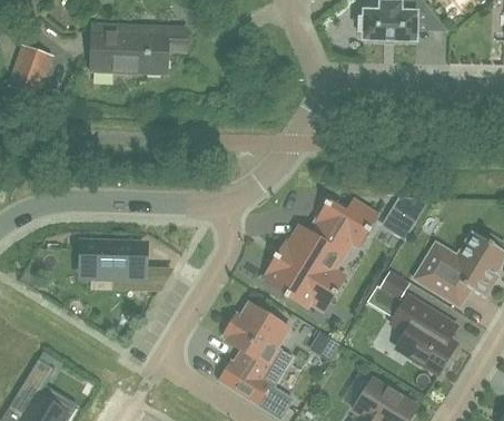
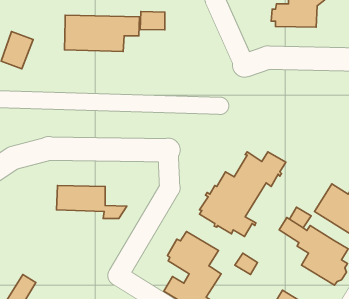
building: none -> [140,11,165,30]
building: [381,197,428,238] -> none

